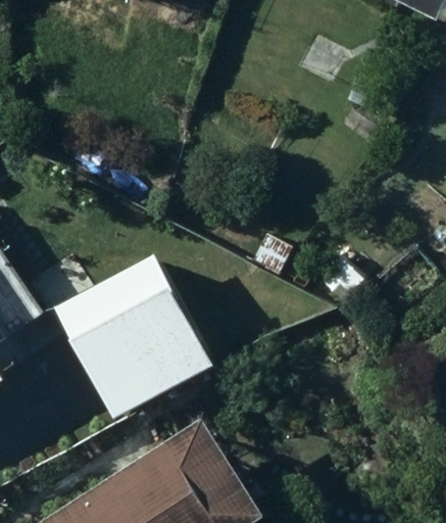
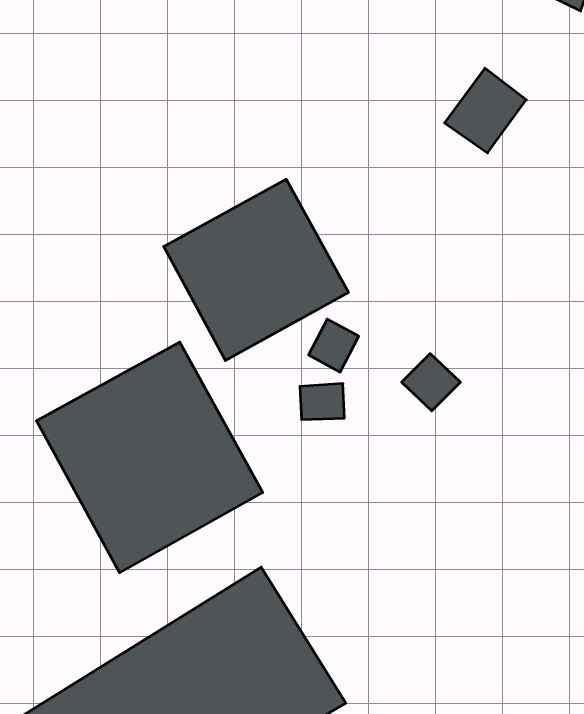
building: none -> [164,179,348,361]

